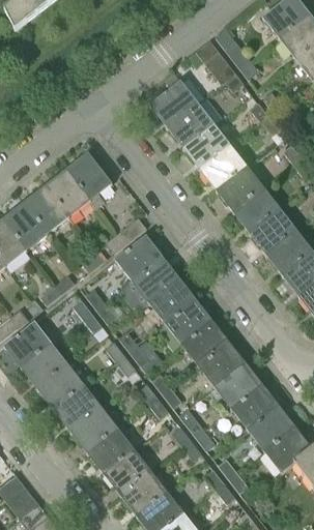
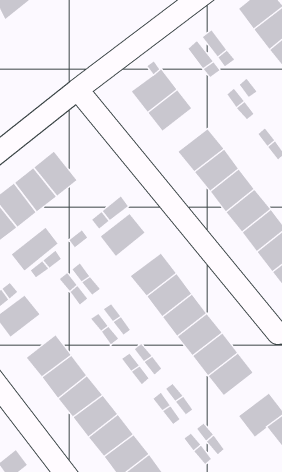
building: [181,123,230,170] -> none
building: [66,153,112,208] -> none
building: none -> [11,227,58,271]
building: [132,256,180,302] -> none
building: [20,343,68,389] -> none
building: [247,405,295,451] -> none

